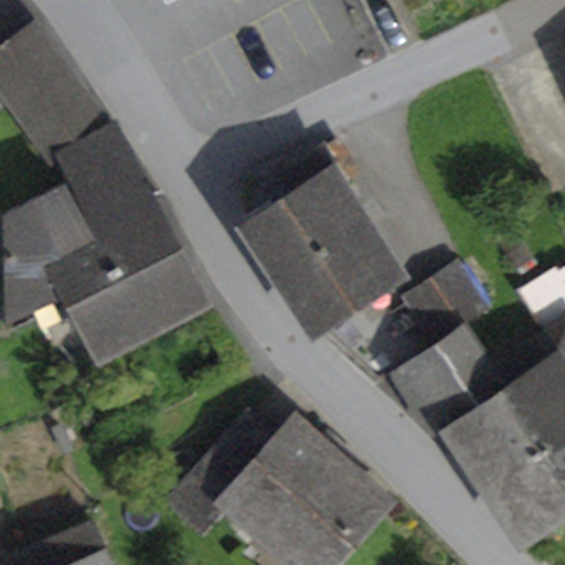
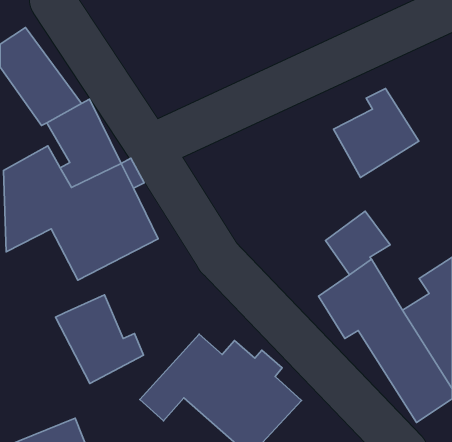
building: none -> [334,88,419,178]
building: [248,152,402,332] -> none
building: none -> [55,295,143,383]

